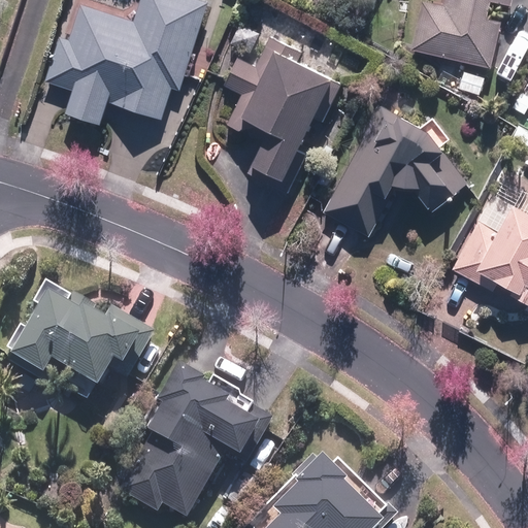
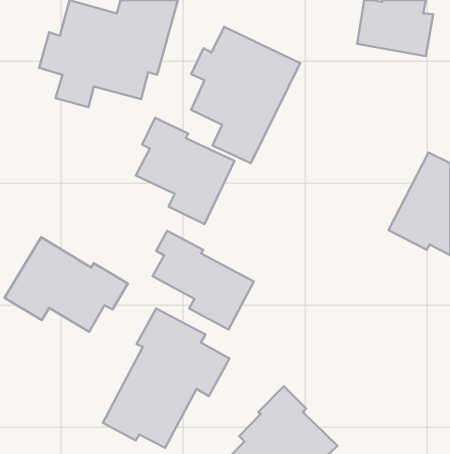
building: [322,109,472,239] -> none
building: none -> [136,118,235,224]
building: none -> [152,231,254,330]

